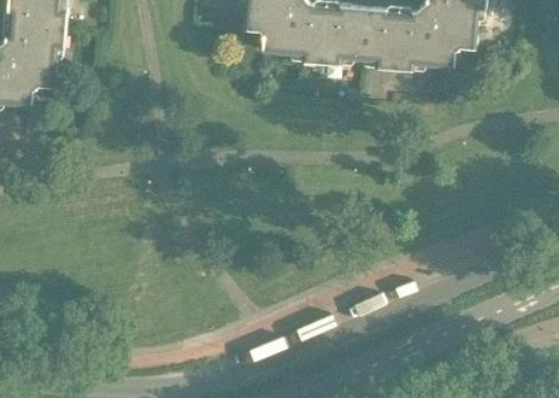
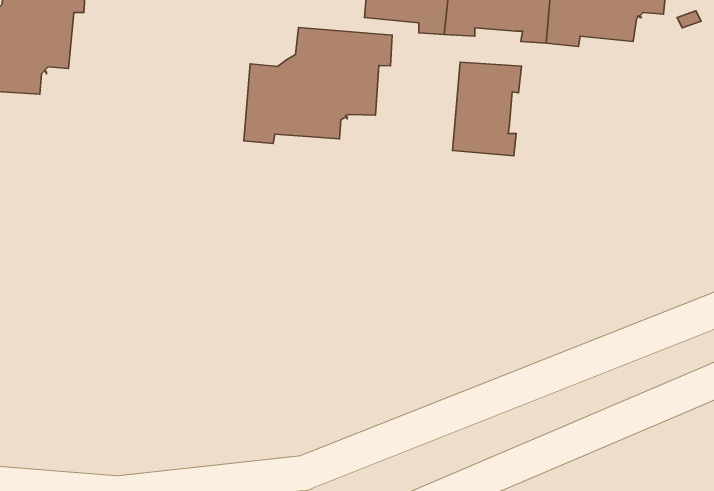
building: none -> [244,28,392,143]
building: none -> [453,62,522,156]

